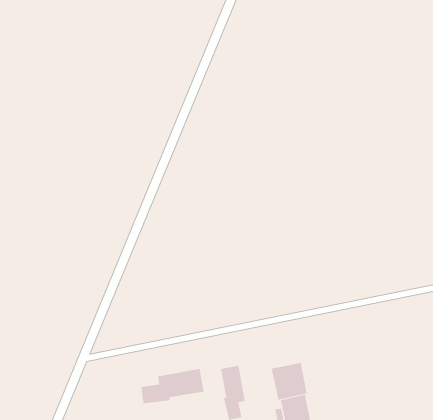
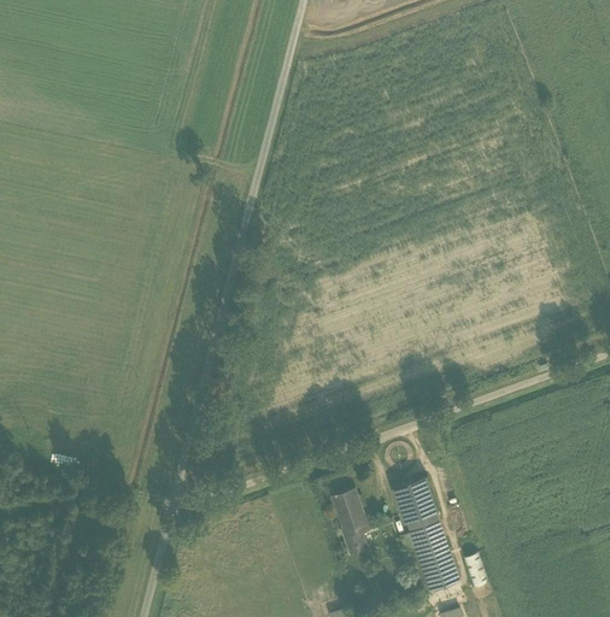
building: [141,368,204,404] -> none

